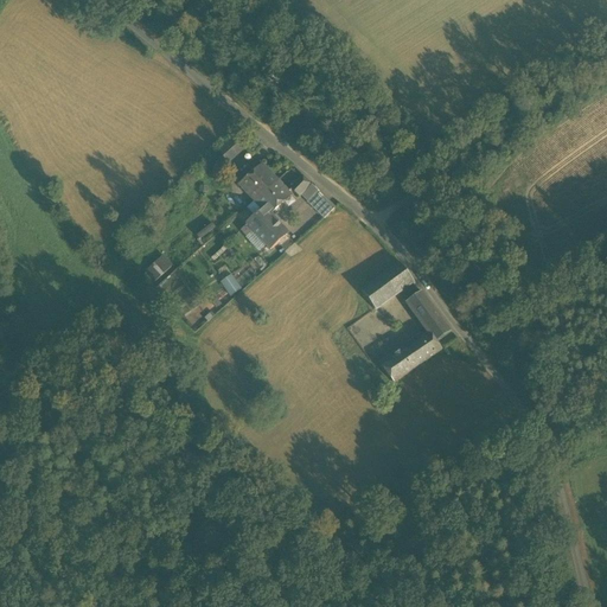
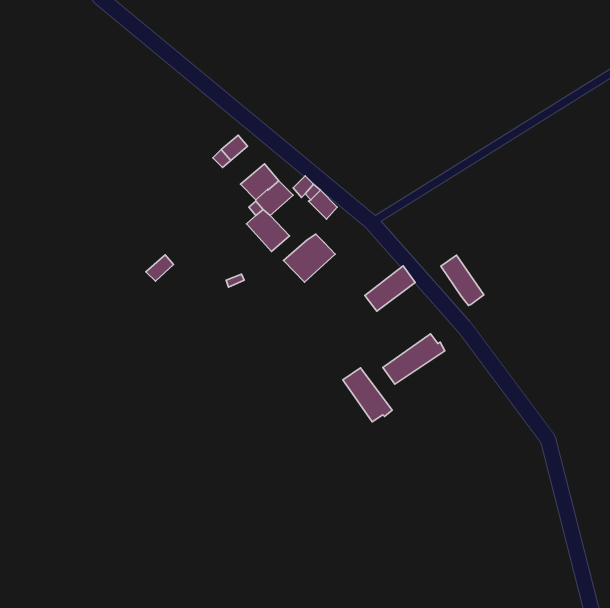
building: none -> [284,234,335,282]
building: [408,290,451,340] -> [441,255,484,306]
building: none -> [343,368,392,422]

